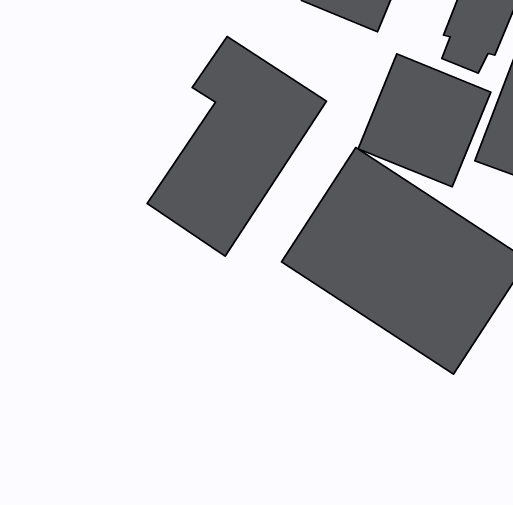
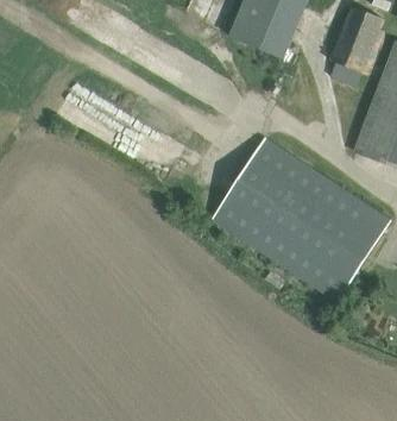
building: [147,36,327,256] -> none
building: [358,54,491,187] -> none

